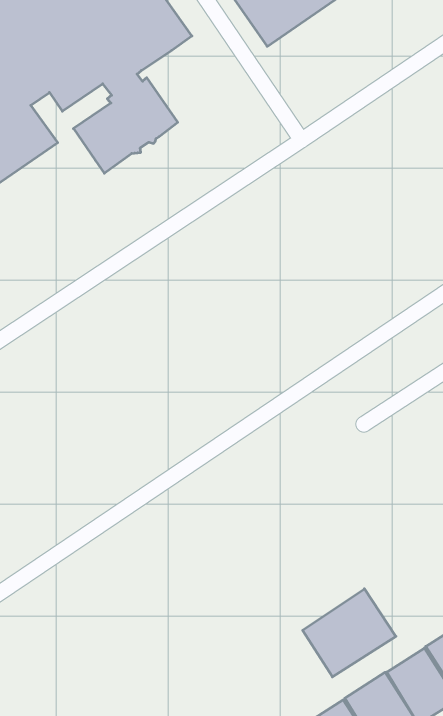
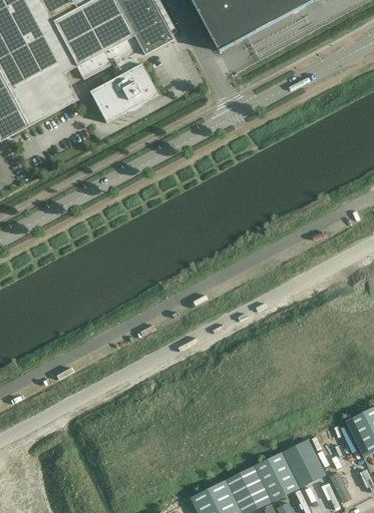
building: [303,589,396,677] -> none

